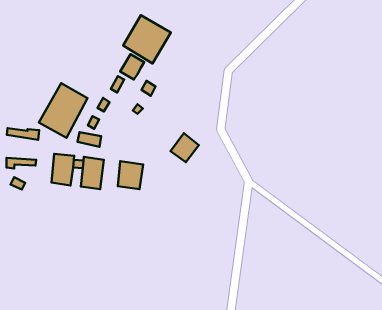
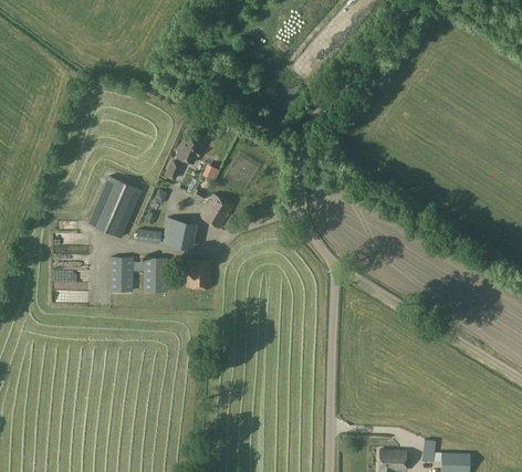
building: [123,15,171,64] -> none
building: none -> [164,217,194,248]
building: [170,133,199,162] -> [200,195,232,228]

